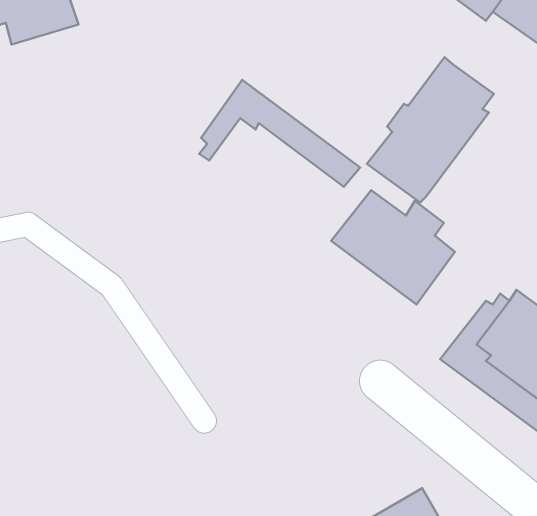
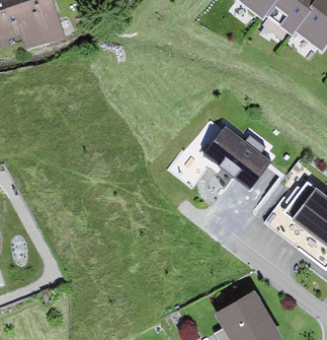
building: [367,57,494,203] -> none
building: [199,80,360,187] -> none

